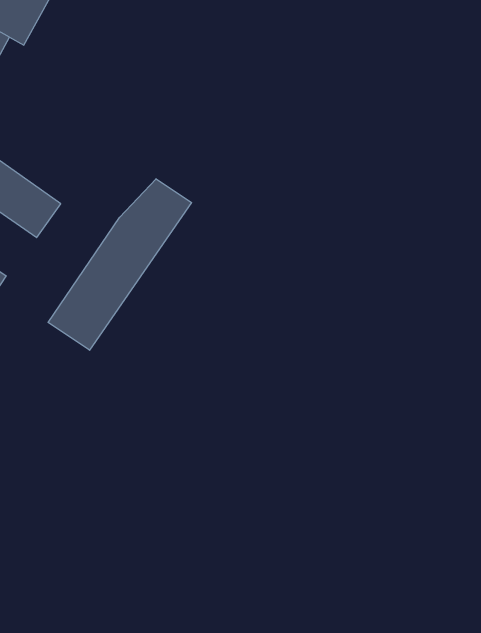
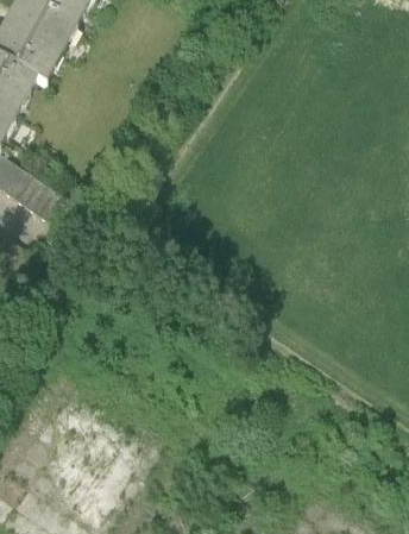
building: [48,179,192,350] -> none

